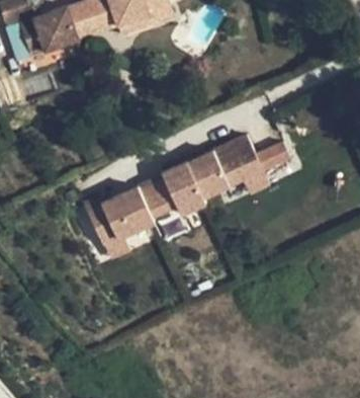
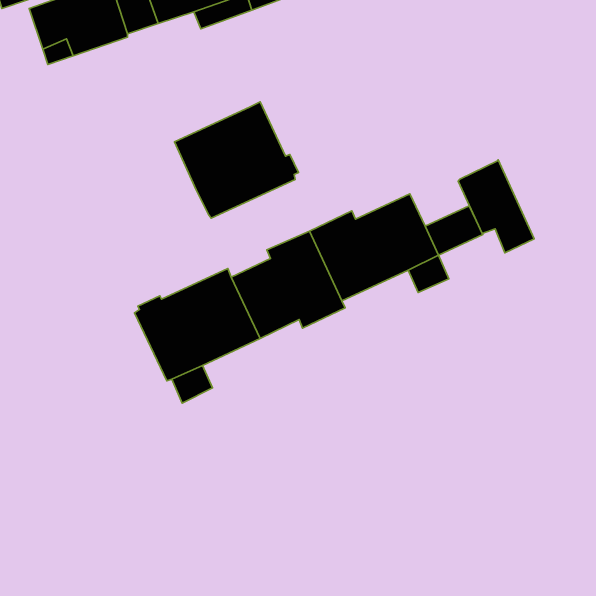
building: none -> [174,102,298,218]
building: none -> [458,160,534,253]

